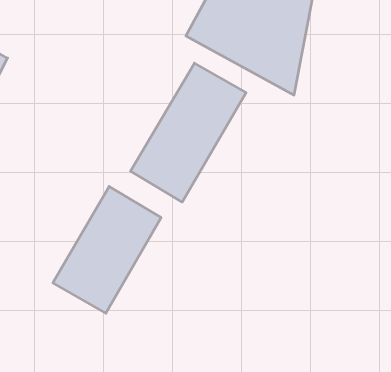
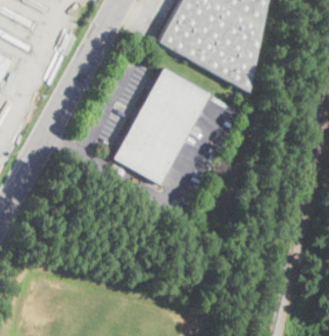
building: [53,186,161,313] -> none

